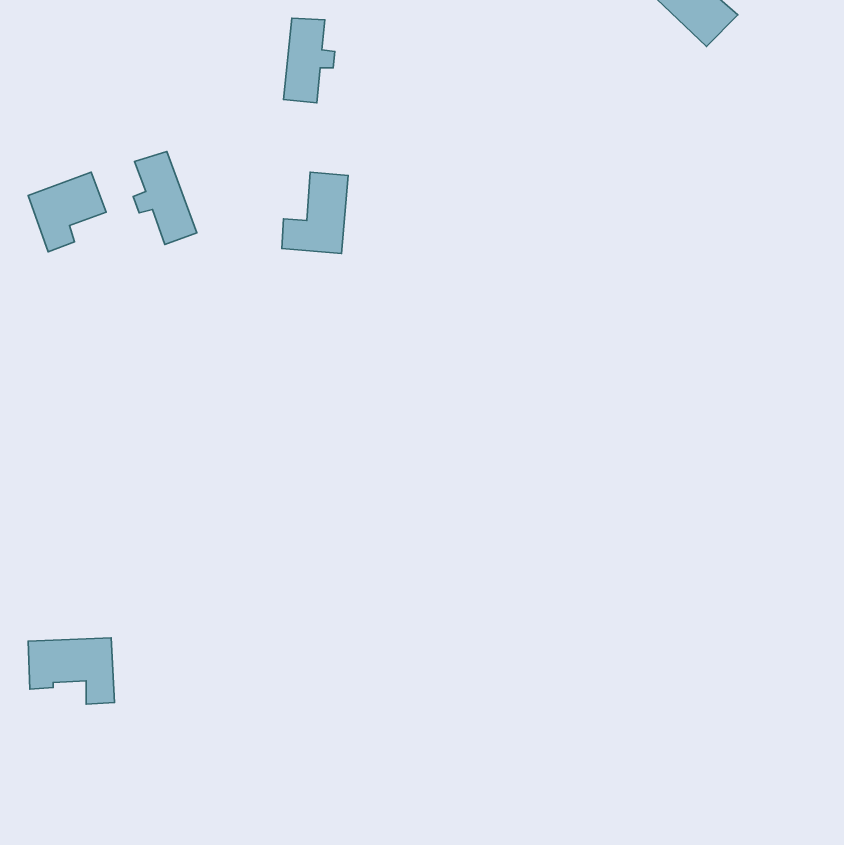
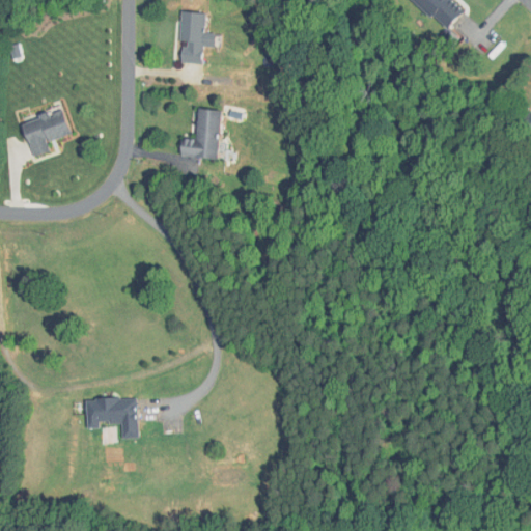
building: [133,152,197,245] -> none
building: [28,638,114,704] -> [85,396,139,438]

